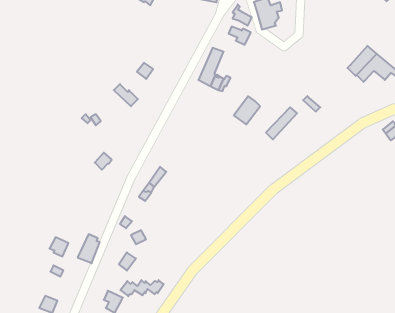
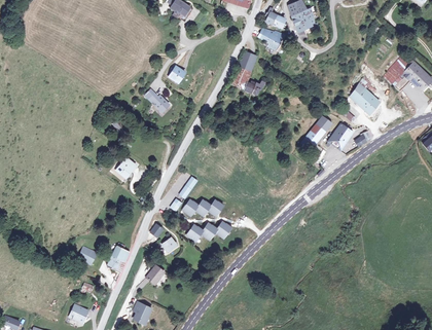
building: none -> [349,79,379,116]
building: [234,96,260,124] -> [326,119,353,148]
building: none -> [182,198,222,215]
building: [120,280,164,296] -> [186,223,230,240]

